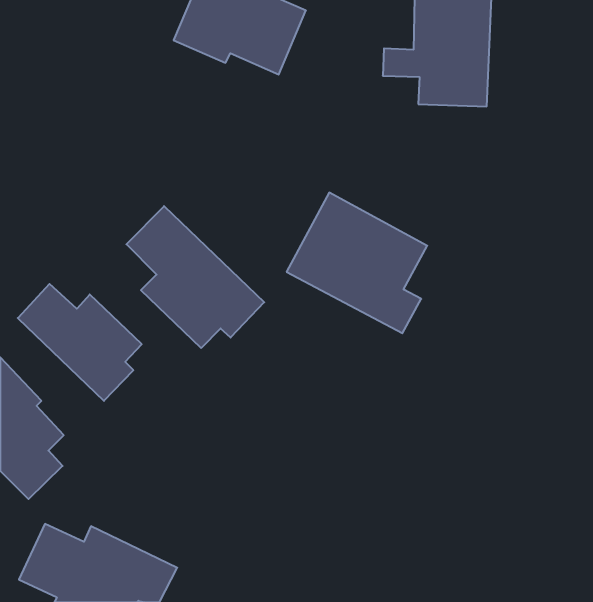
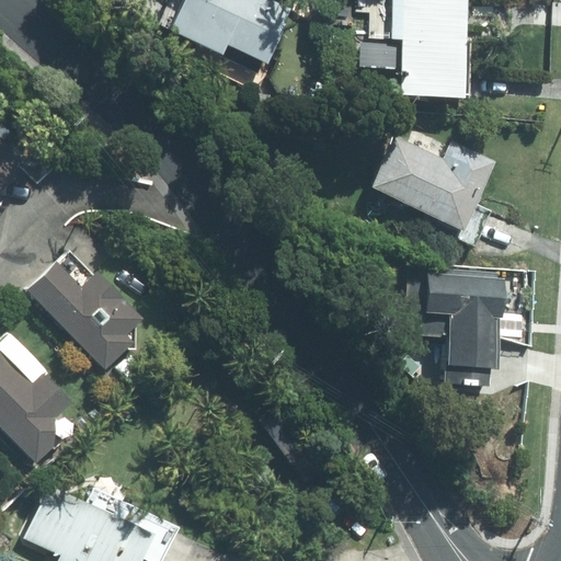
building: [287,193,427,333] -> [368,114,499,244]
building: [126,206,264,348] -> none
building: none -> [404,265,506,374]

